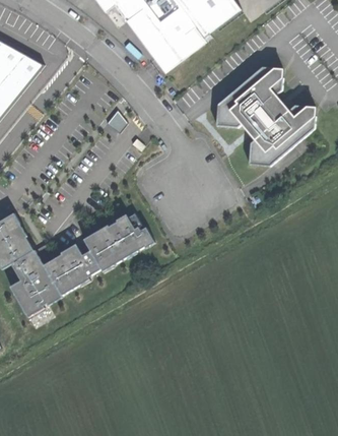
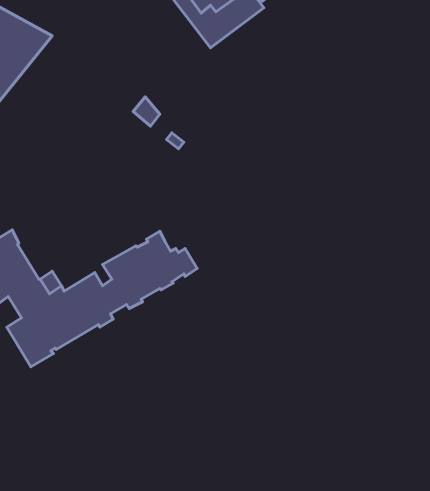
building: [215,66,318,168] -> none

